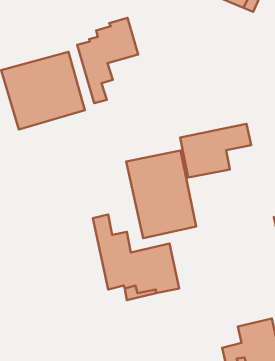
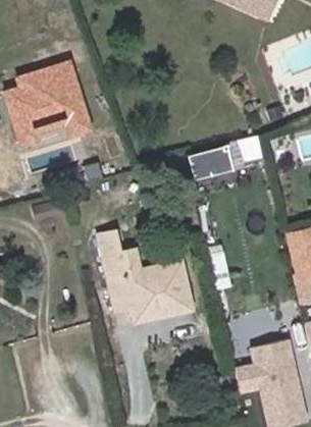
building: [77,18,138,103] -> none
building: [126,150,196,238] -> none

